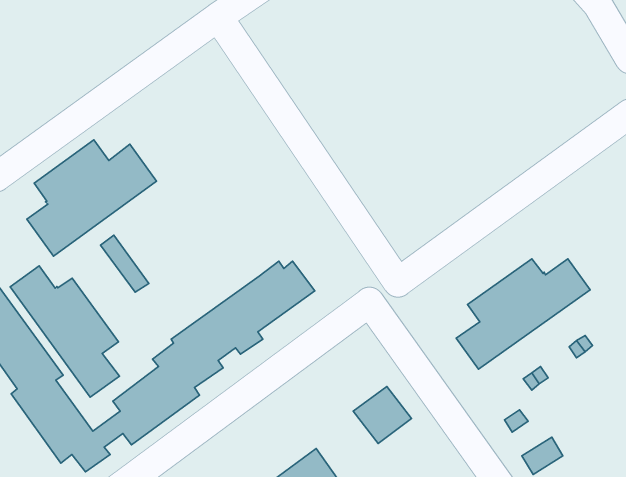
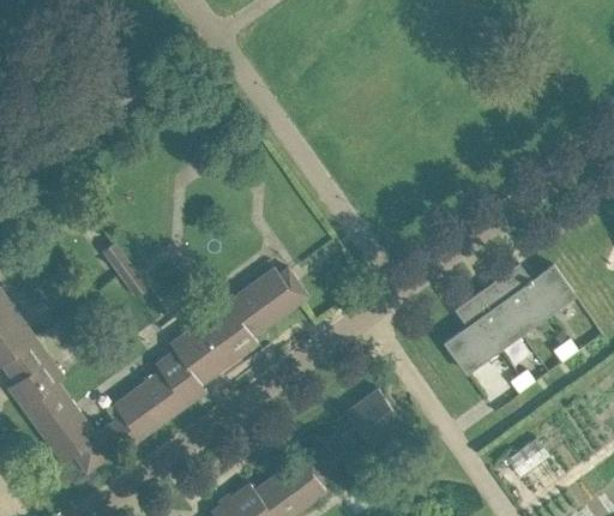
building: [27,140,157,256] -> none
building: [10,266,119,397] -> none

